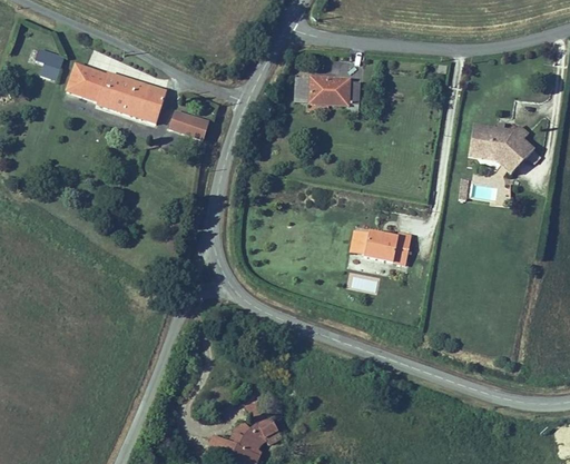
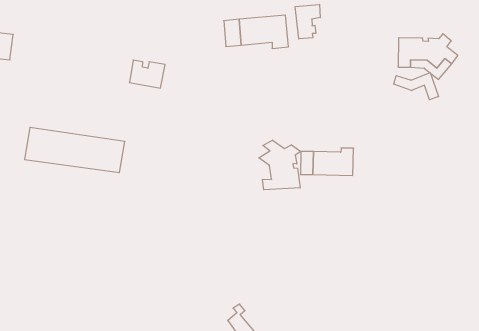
building: [65,60,175,124] -> [25,127,125,173]
building: none -> [295,4,320,39]
building: none -> [394,73,439,100]
building: none -> [259,140,301,190]

